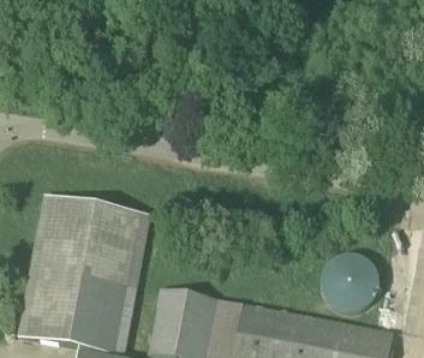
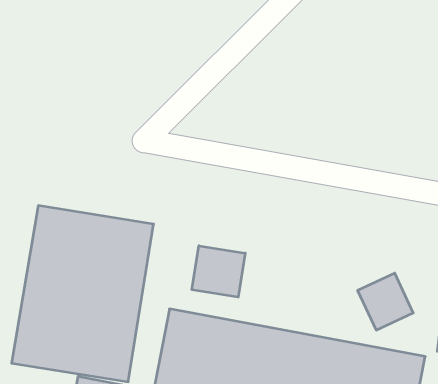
building: none -> [192,246,245,297]

